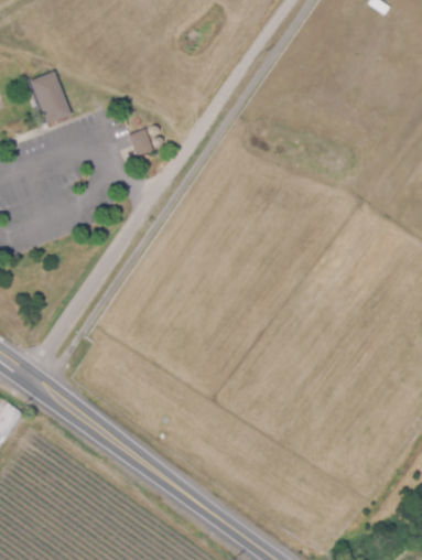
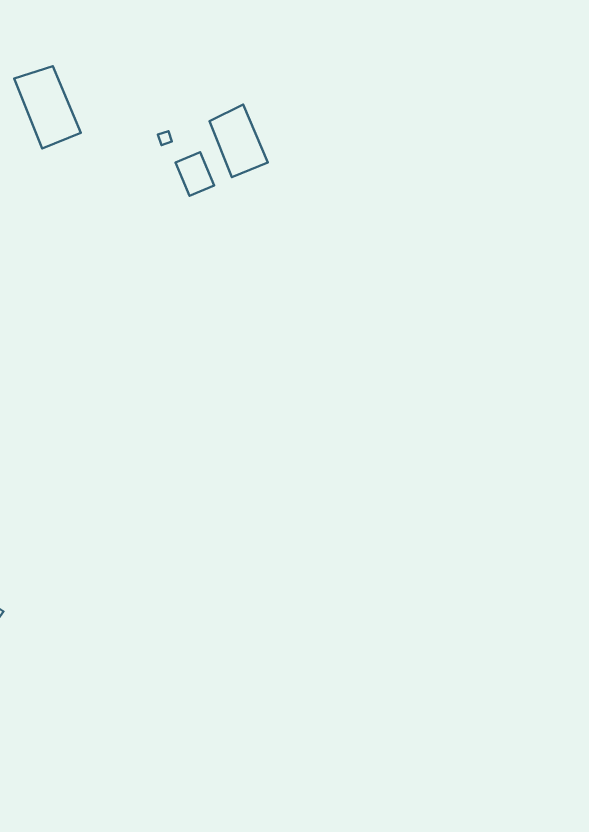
building: none -> [210,104,268,177]

